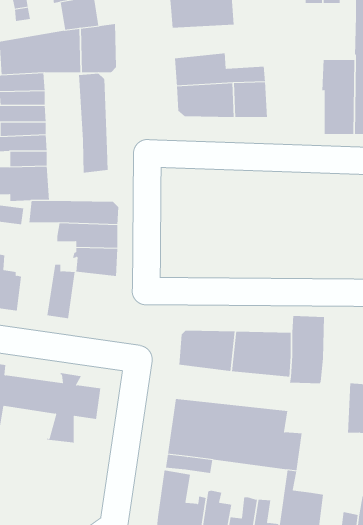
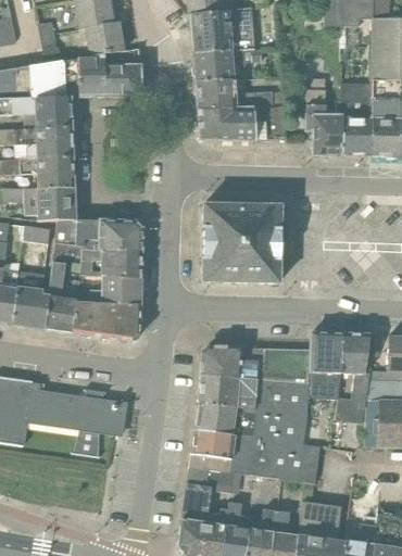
building: none -> [194,50,263,83]
building: none -> [306,78,342,156]
building: [78,73,108,174] -> none
building: none -> [202,204,281,283]
building: none -> [45,242,85,332]
building: none -> [95,290,141,341]
building: none -> [336,333,370,422]
building: none -> [198,380,310,425]

